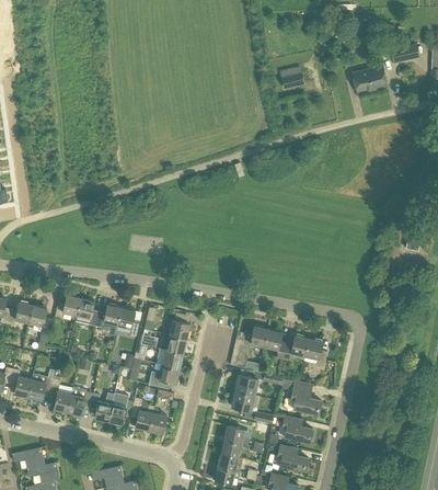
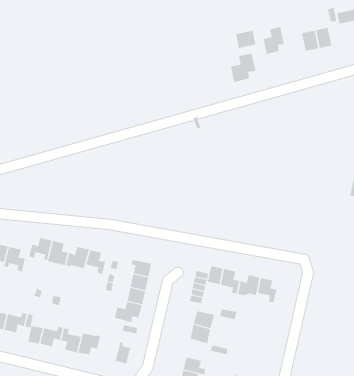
building: none -> [263,26,284,55]
building: none -> [231,53,256,83]
building: [290,380,321,413] -> none
building: [130,398,154,430] -> none
building: [281,415,312,442] -> none

